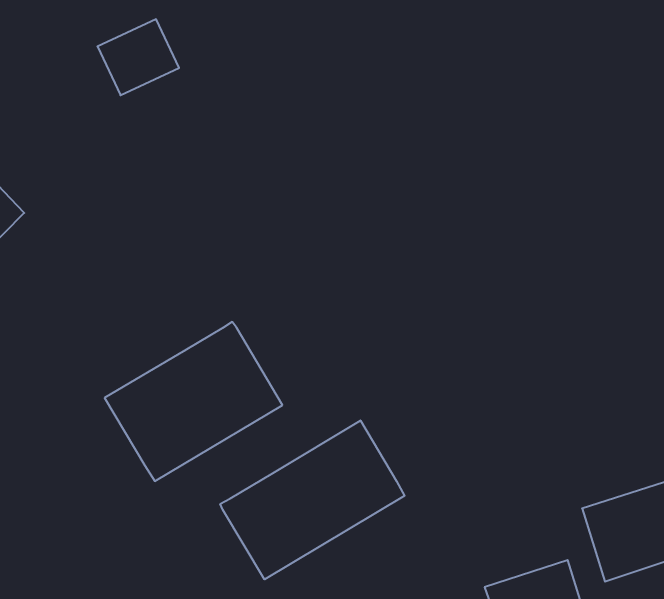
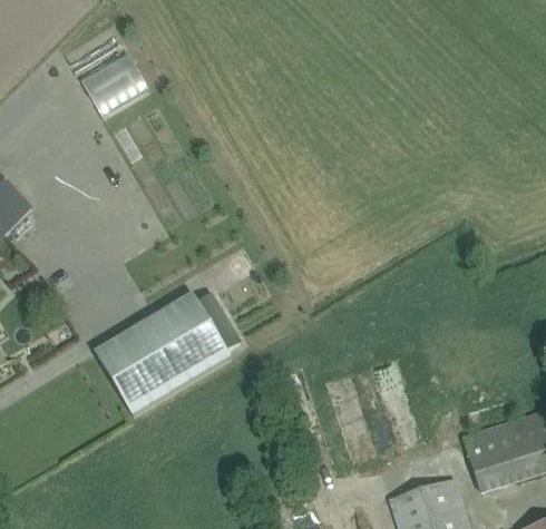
building: [220,420,405,579] -> none

